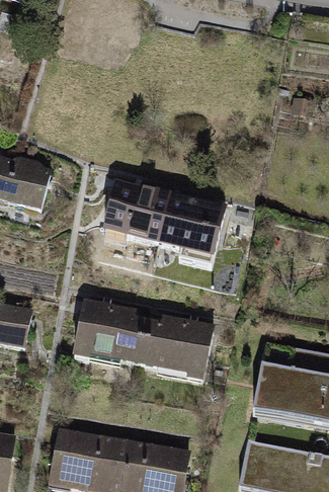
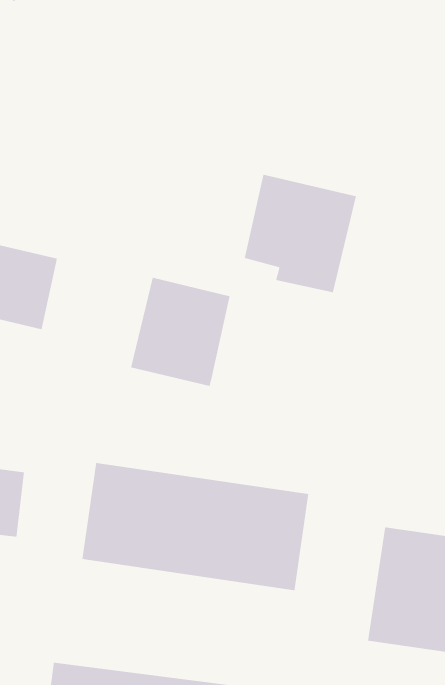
building: [153,191,226,268] -> [244,174,357,293]

